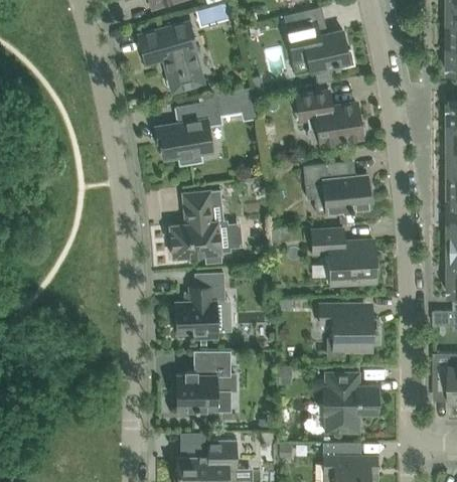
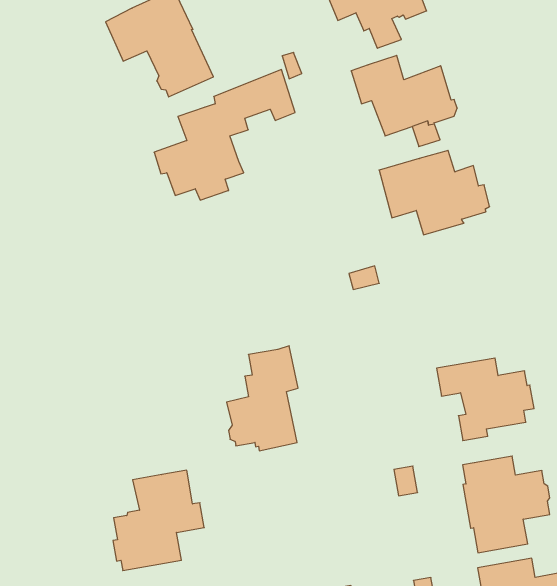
building: [170,190,231,265] -> none
building: [312,228,379,287] -> none
building: [173,351,236,411] -> [113,470,204,571]

